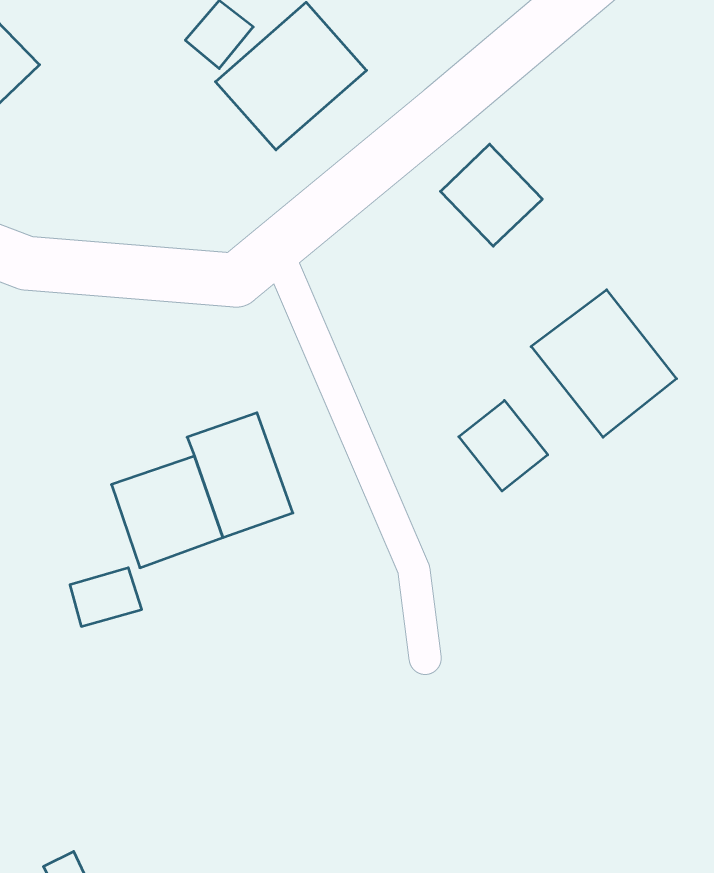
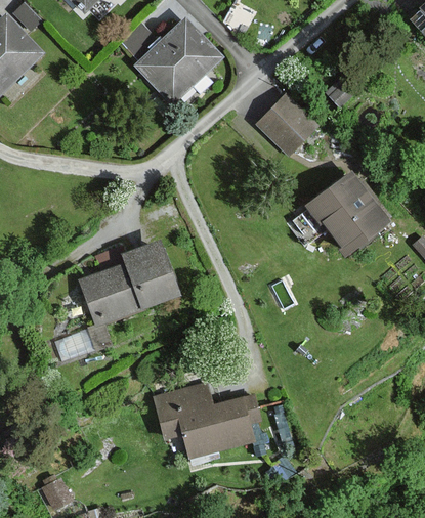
building: [459,400,548,491] -> none
building: none -> [155,385,260,458]

